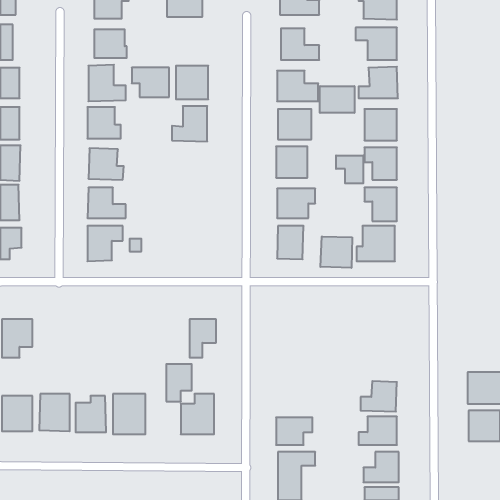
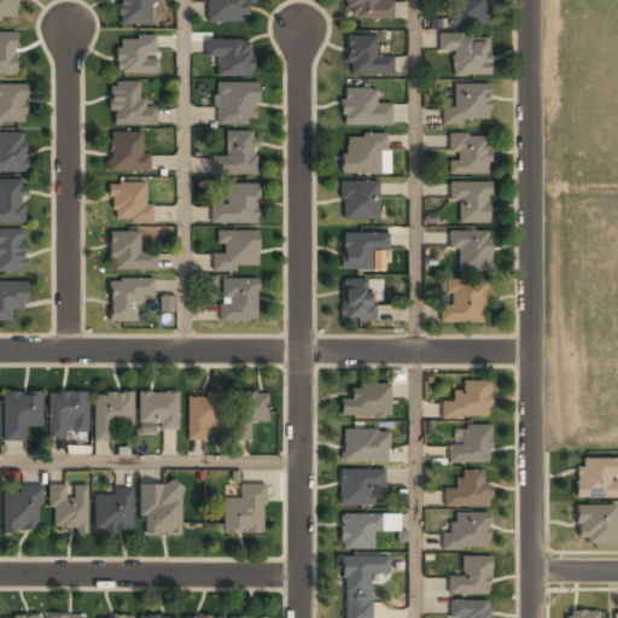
building: [132,68,169,97] -> [208,37,253,74]
building: [320,86,354,113] -> none
building: none -> [211,183,258,221]
building: [336,155,363,183] -> none
building: none -> [214,229,260,268]
building: none -> [221,278,258,320]
building: [320,236,352,268] -> none
building: none -> [442,380,491,418]
building: none -> [343,384,391,415]
building: none -> [49,391,88,437]
building: none -> [140,391,179,425]
building: none -> [94,392,134,439]
building: none -> [449,424,491,461]
building: none -> [344,428,389,461]
building: [166,364,192,401] -> [188,393,220,439]
building: none -> [340,468,384,506]

